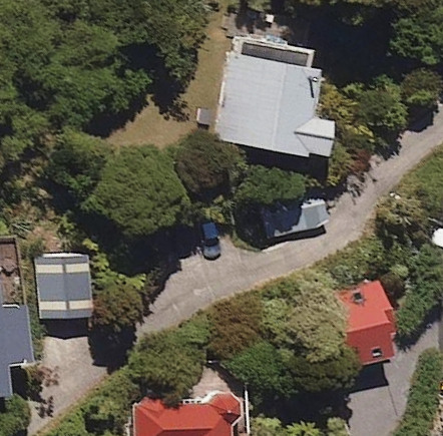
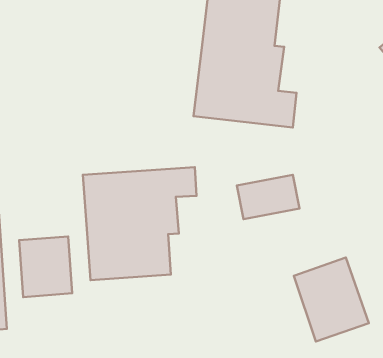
building: none -> [83,167,196,280]

